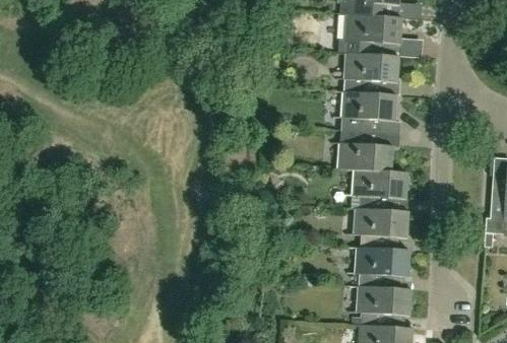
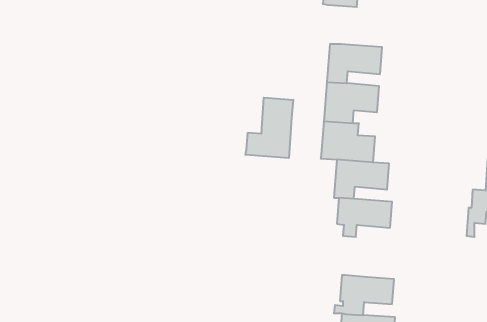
building: [337,12,401,53] -> none
building: none -> [246,98,293,158]
building: [355,246,410,287] -> none

